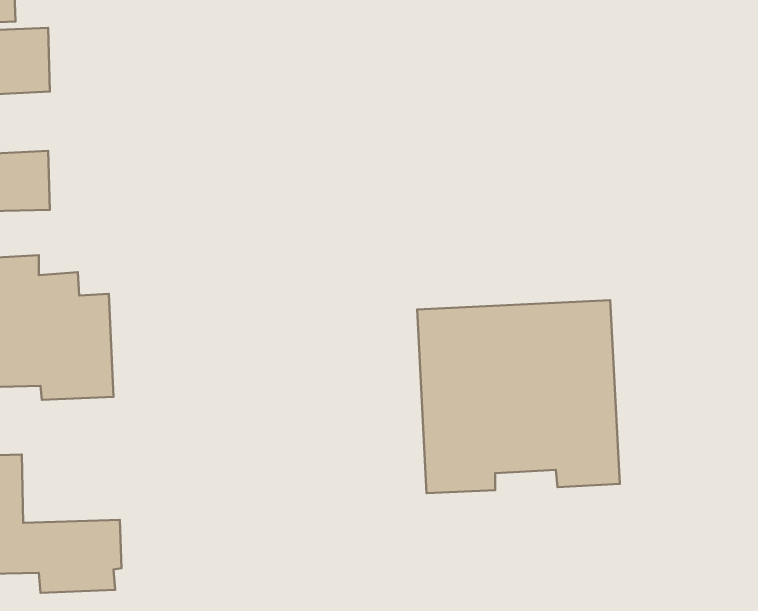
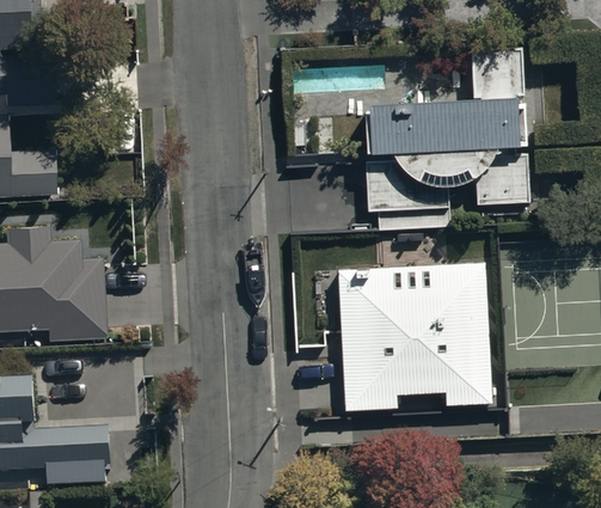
building: none -> [364,47,529,229]

